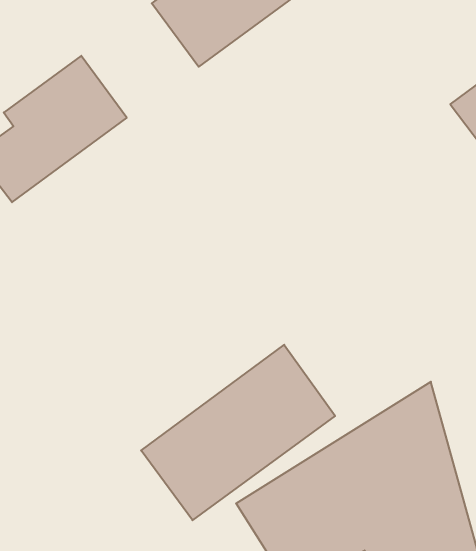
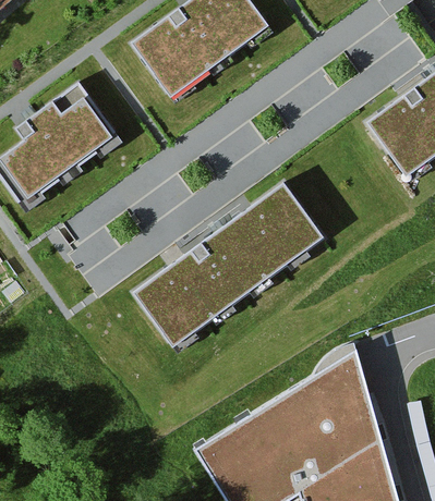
building: none -> [137,171,321,328]
building: [141,345,335,520] -> none

